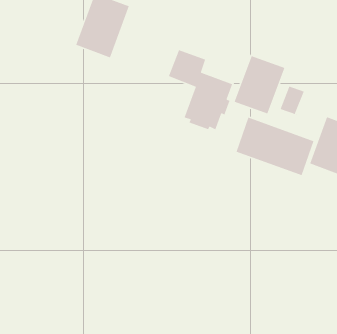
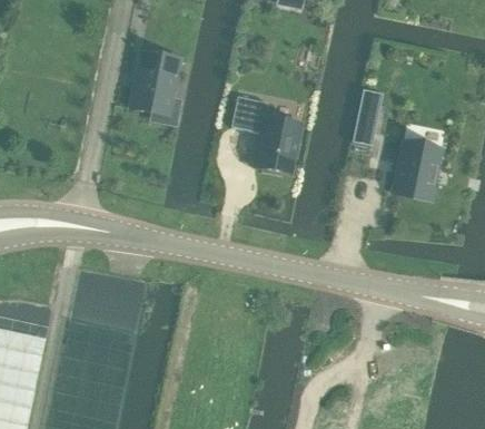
building: [234,55,285,115] -> none
building: [235,117,315,176] -> none

